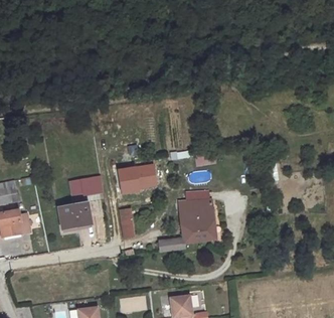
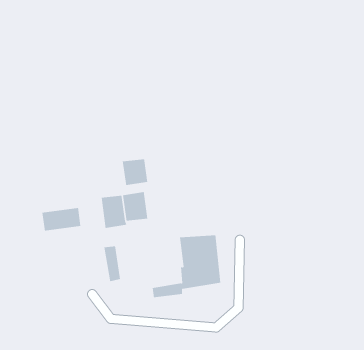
building: none -> [122,158,148,186]
building: [56,202,89,229] -> none

